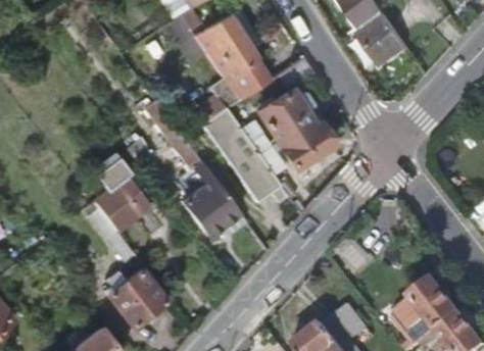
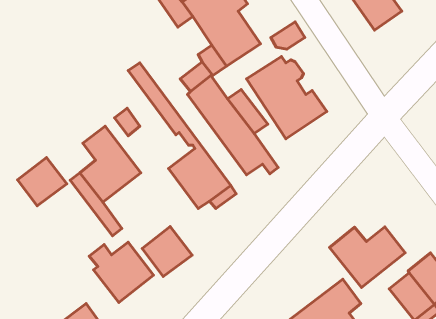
building: none -> [18,157,67,206]
building: none -> [142,227,192,277]
building: none -> [329,227,405,288]

